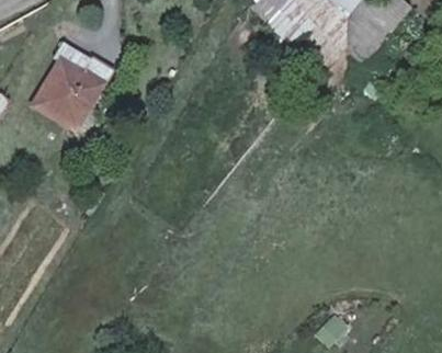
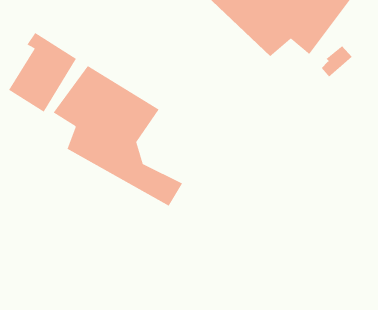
building: none -> [53,65,183,206]

